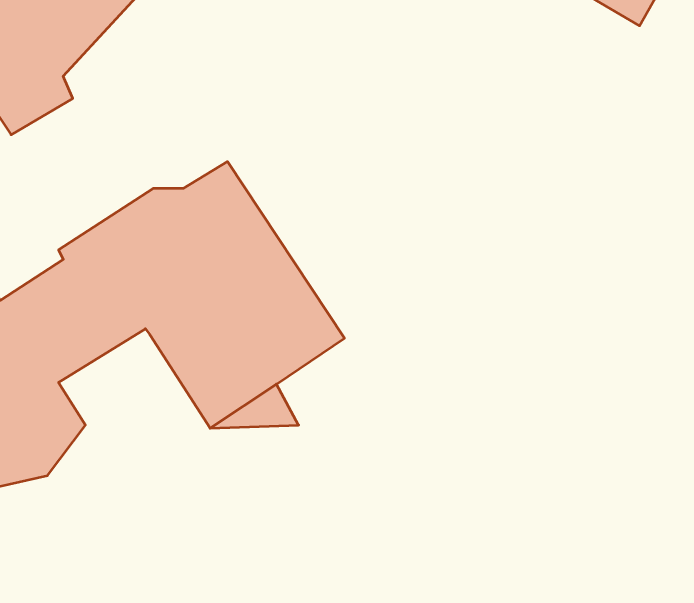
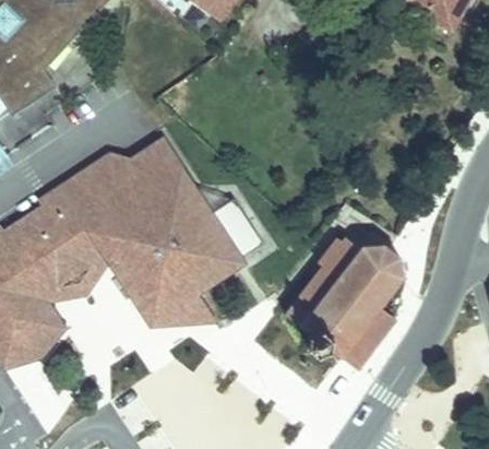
building: none -> [43,248,106,294]
building: none -> [281,248,406,376]

